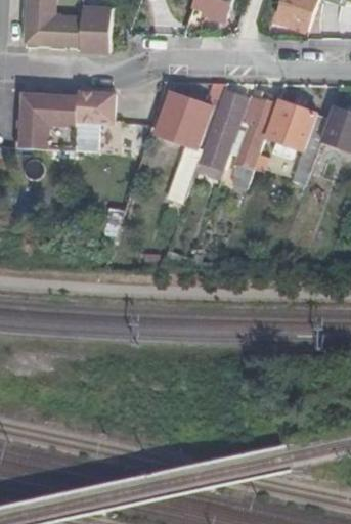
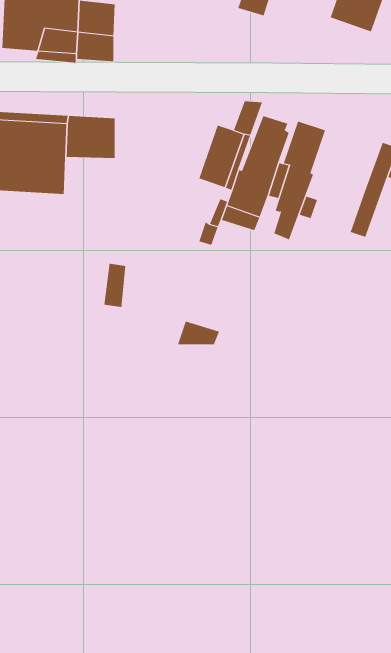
building: [155,92,189,140] -> none
building: [264,99,315,151] -> none

